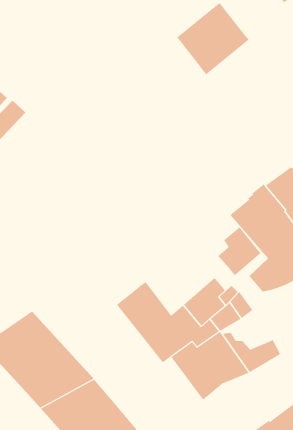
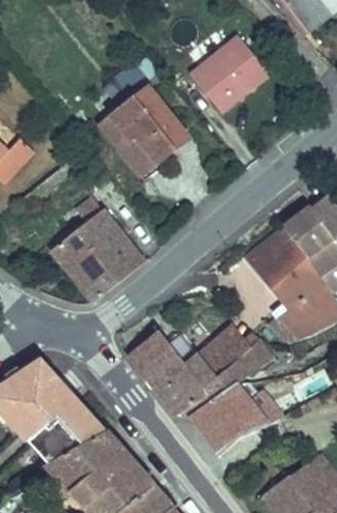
building: none -> [99,64,188,180]
building: none -> [52,196,143,302]
building: [218,227,261,276] -> none

